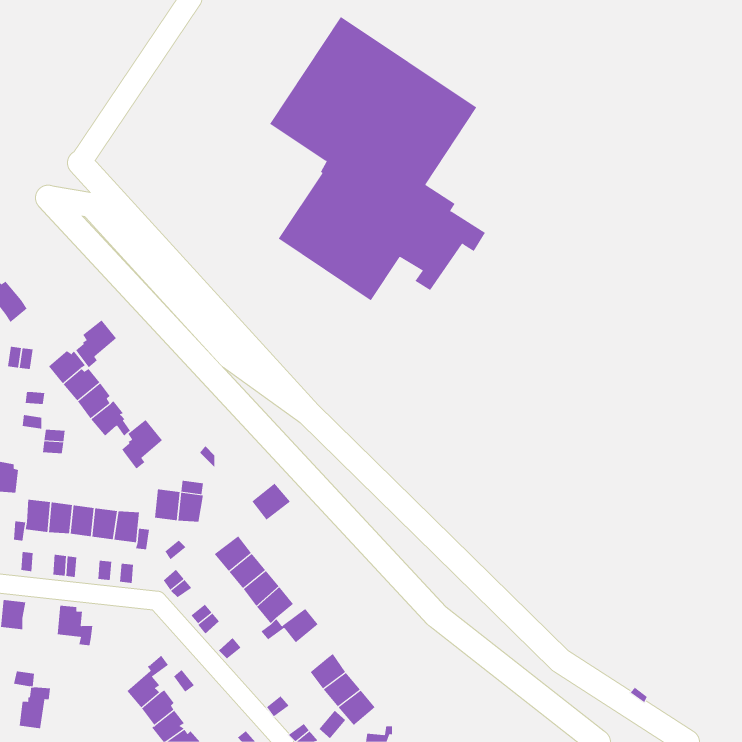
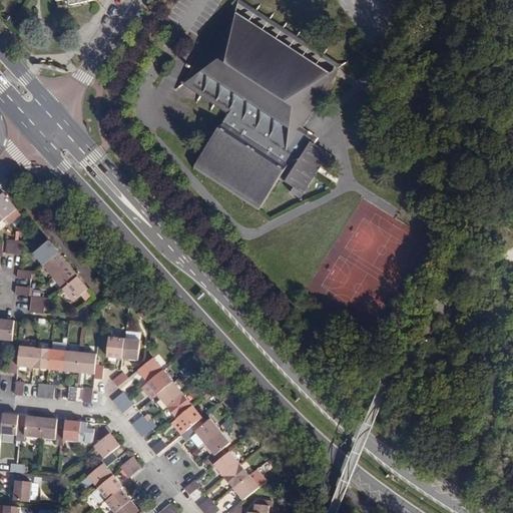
building: [75,320,117,368] -> none
building: [121,419,163,469] -> none
building: [252,483,291,521] -> [137,356,164,382]
building: none -> [15,416,41,441]
building: none -> [63,420,89,441]
building: none -> [94,425,119,458]
building: none -> [201,430,229,468]

